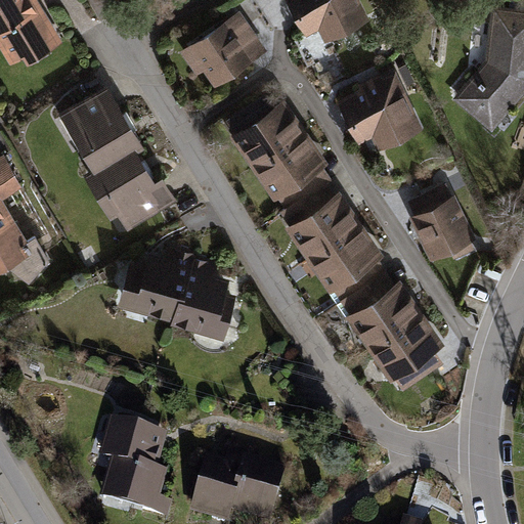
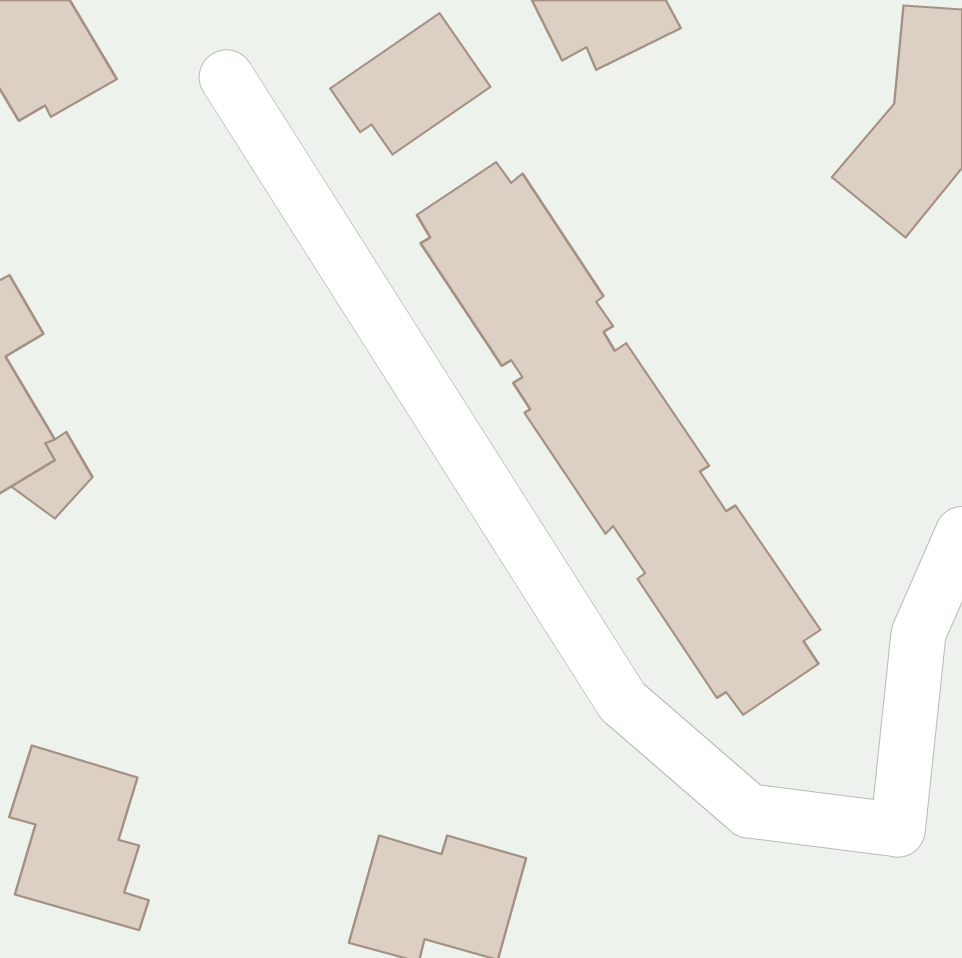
building: [337,71,421,147] -> none
building: [58,83,180,229] -> none
building: [408,184,476,260] -> none
building: [115,247,236,342] -> none
building: [96,419,172,519] -> [9,745,149,930]

